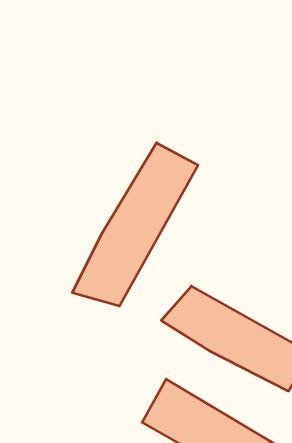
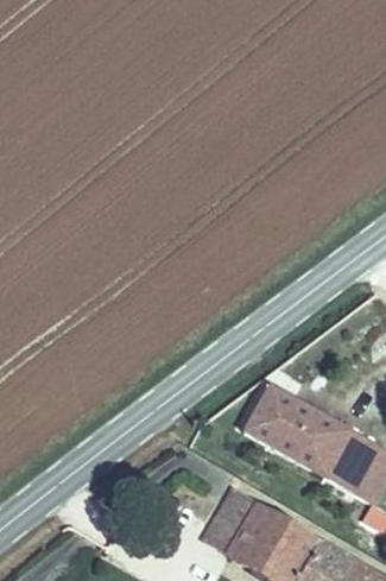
building: [72,143,198,306] -> none

